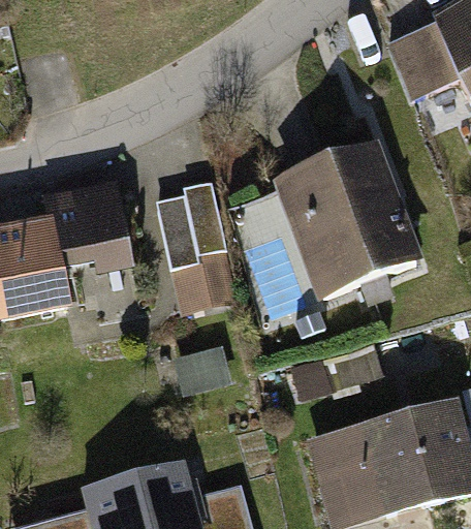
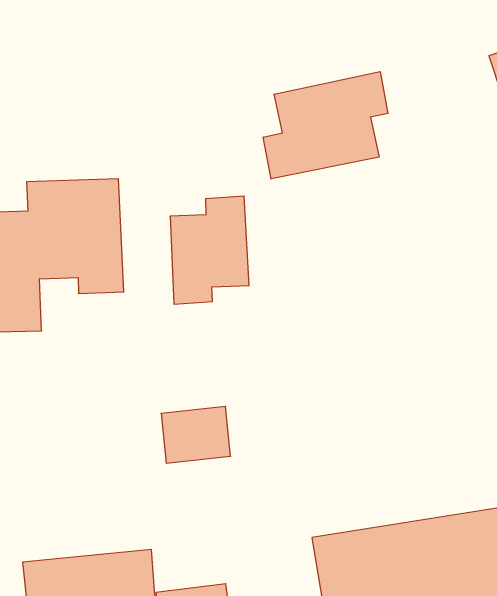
building: none -> [263,72,388,179]
building: [277,145,418,305] -> none

